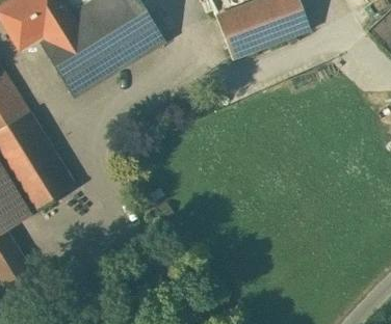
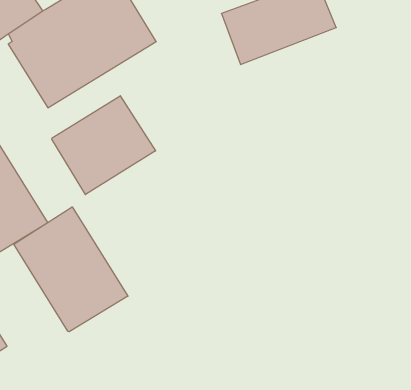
building: none -> [52,96,156,195]
building: none -> [14,207,128,332]

